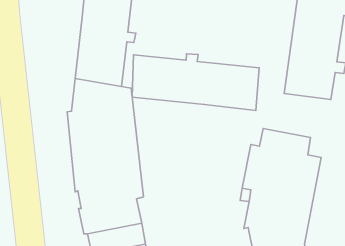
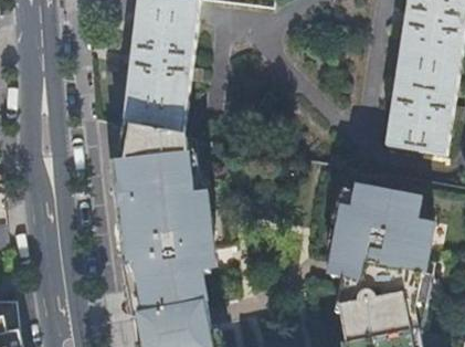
building: [132,54,259,110] -> none

